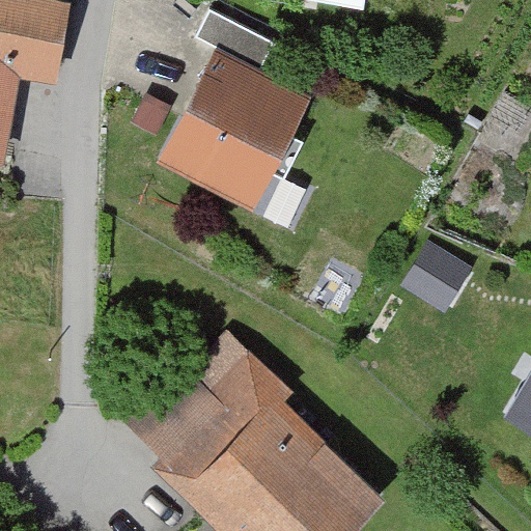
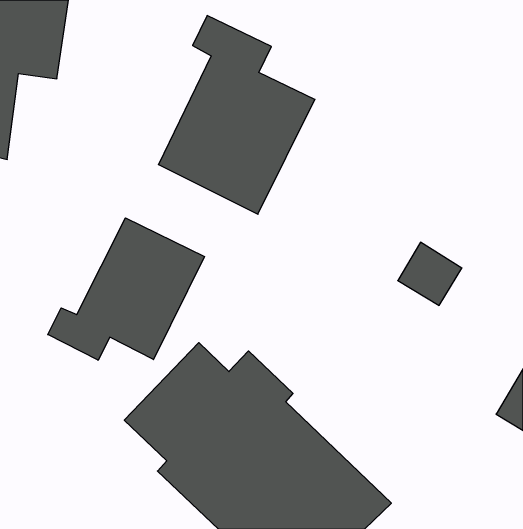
building: none -> [48,218,204,360]

